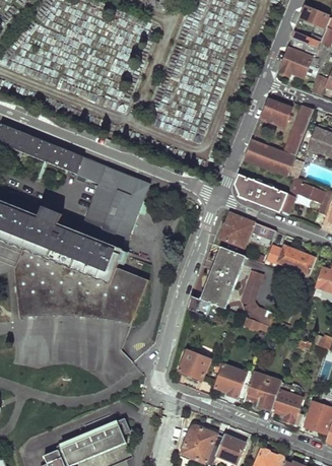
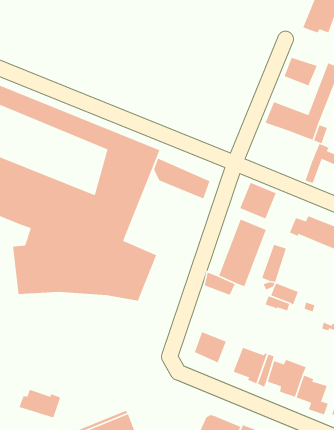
building: [234,173,286,211] -> [153,157,211,200]
building: none -> [19,389,61,418]

